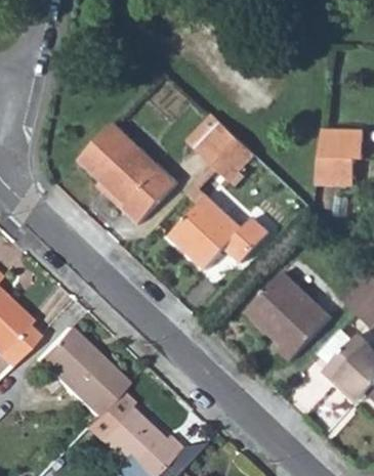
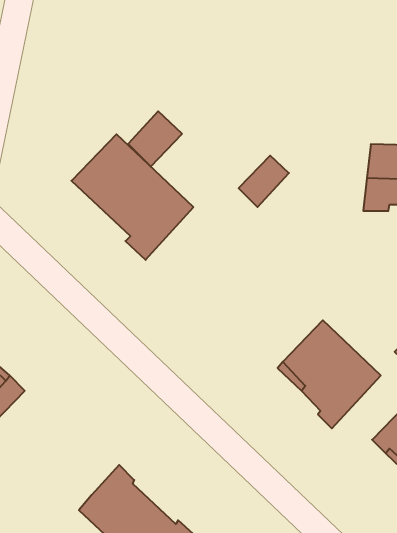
building: [198,121,242,166] -> [128,111,182,167]
building: [172,196,271,269] -> none
building: [38,328,127,416] -> none

